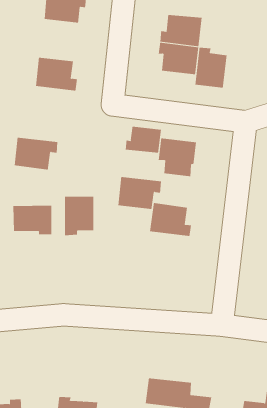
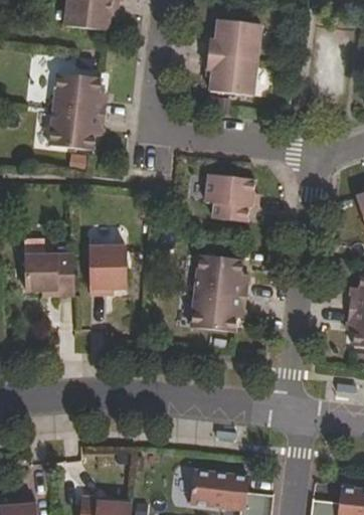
building: [195,47,227,89] -> none
building: [125,126,161,154] -> none
building: [14,137,58,170] -> [49,109,105,150]
building: [117,176,162,209] -> [191,290,246,331]

